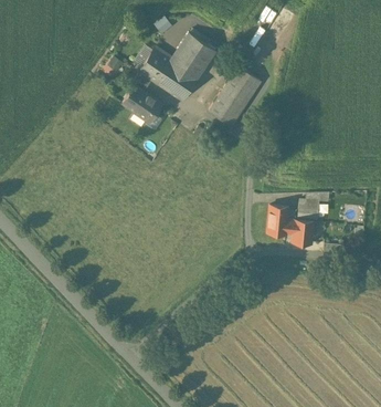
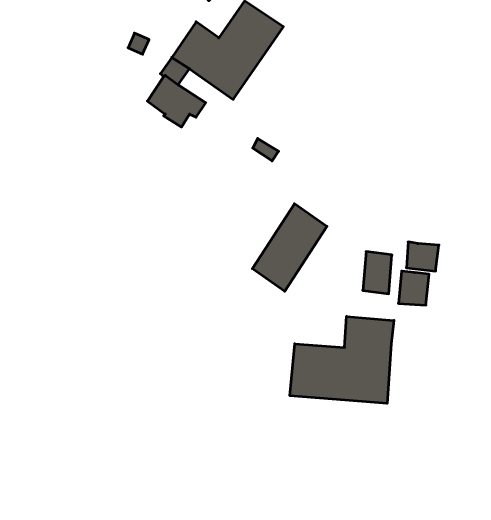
building: [208,67,258,127] -> [252,204,327,291]
building: none -> [290,316,394,403]

